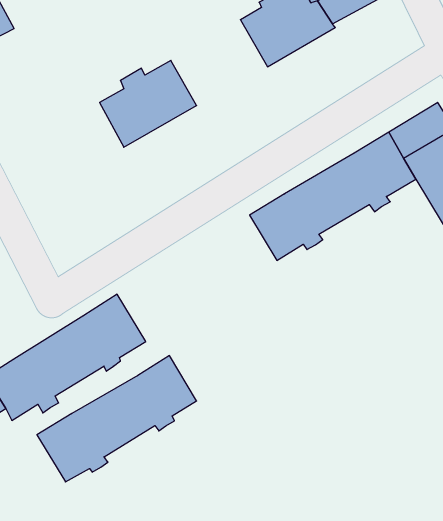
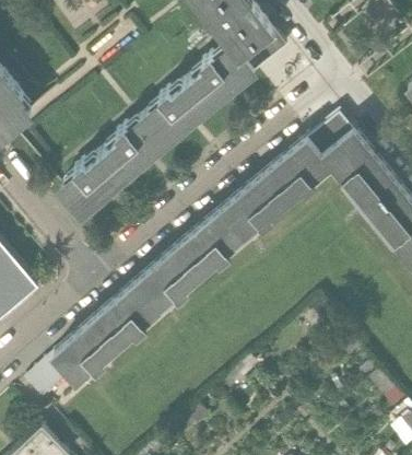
building: none -> [146,79,214,143]
building: none -> [58,152,123,215]
building: [37,356,197,482] -> [136,213,243,313]

